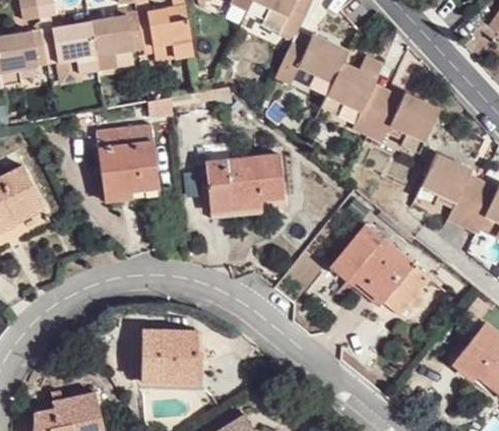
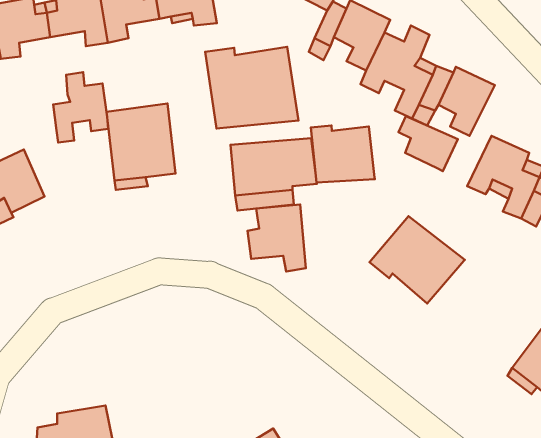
building: none -> [205,47,299,129]
building: none -> [53,72,108,143]
building: none -> [398,116,458,171]
building: none -> [311,126,375,182]
building: none -> [247,204,306,272]
building: [380,264,429,316] -> none
building: [139,328,199,381] -> none

